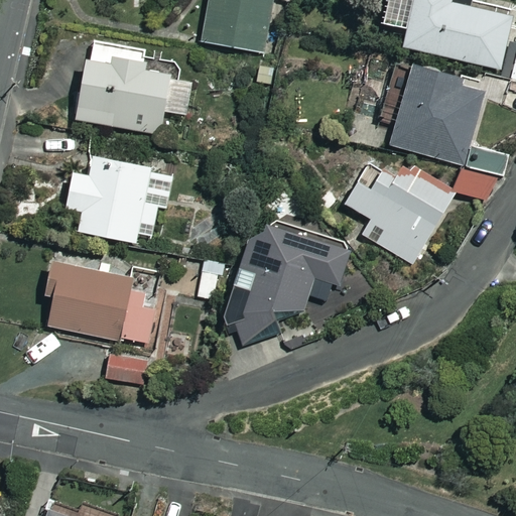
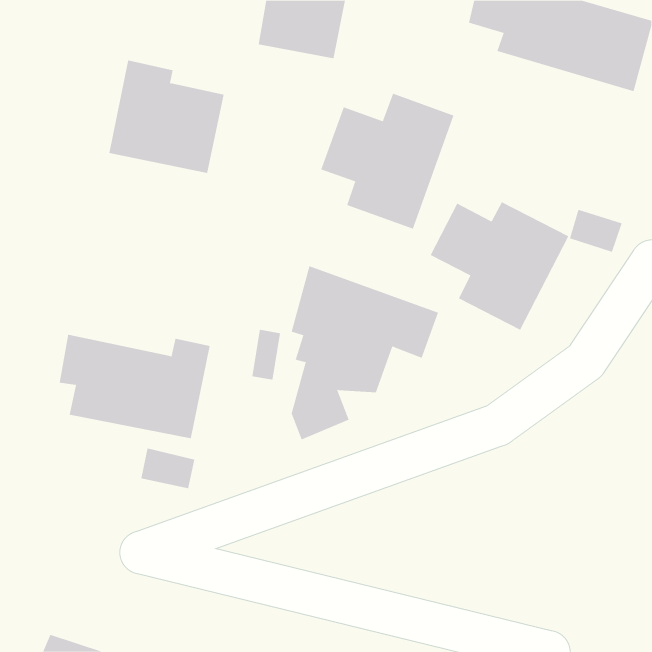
building: [382,61,481,162] -> none
building: none -> [320,93,454,230]
building: [75,158,179,246] -> none

